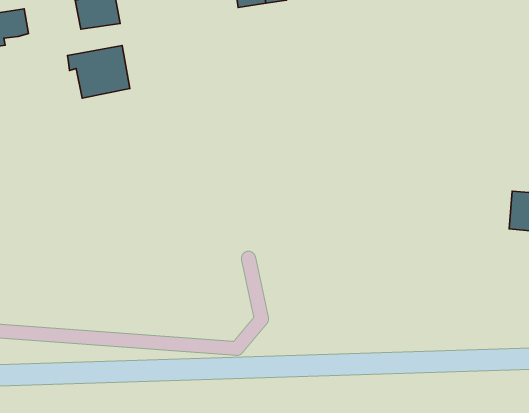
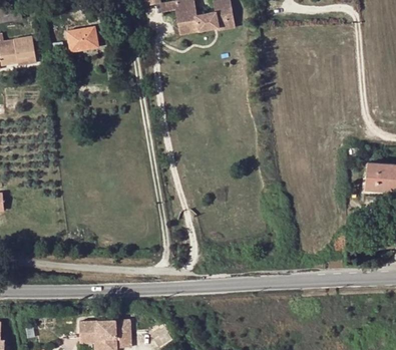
building: [68,46,130,98] -> none

